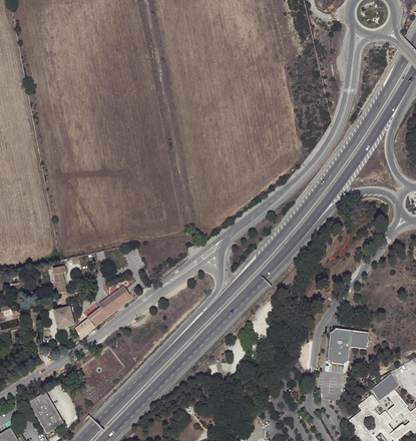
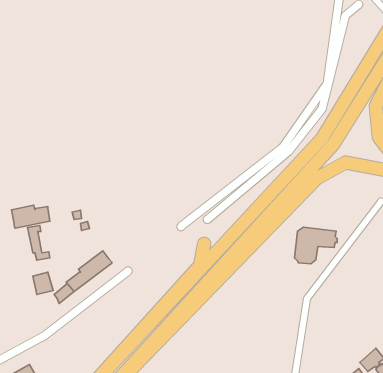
building: none -> [11,205,50,228]
building: [327,329,369,365] -> [295,227,337,264]

